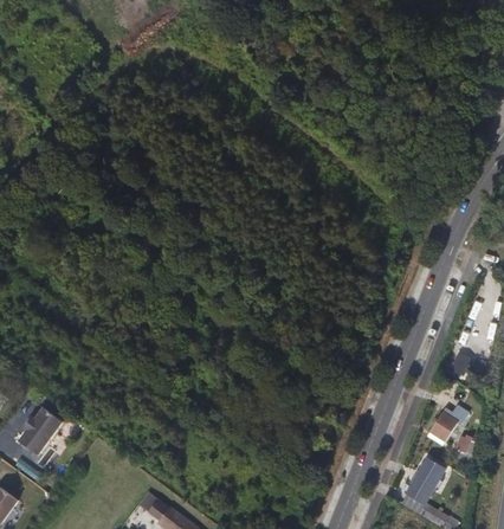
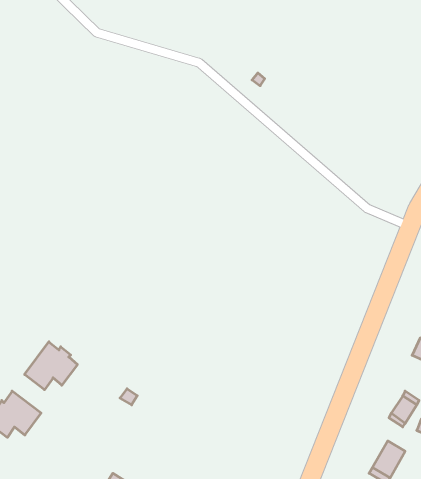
building: none -> [25,342,77,390]

